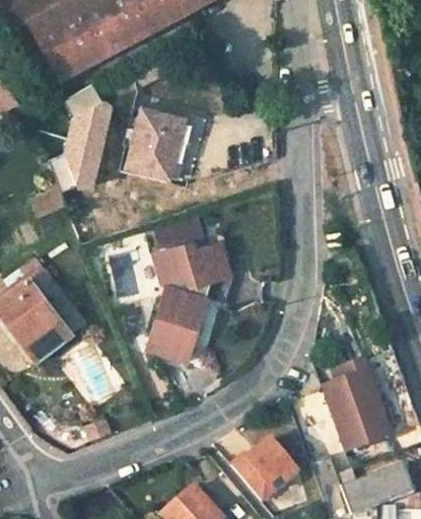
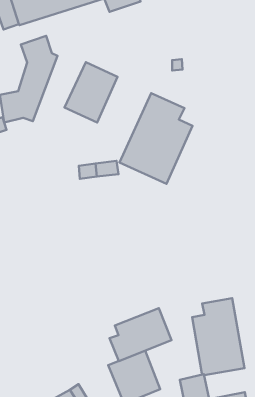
building: none -> [120,93,193,184]
building: [150,240,231,358] -> none
building: none -> [110,308,172,361]

